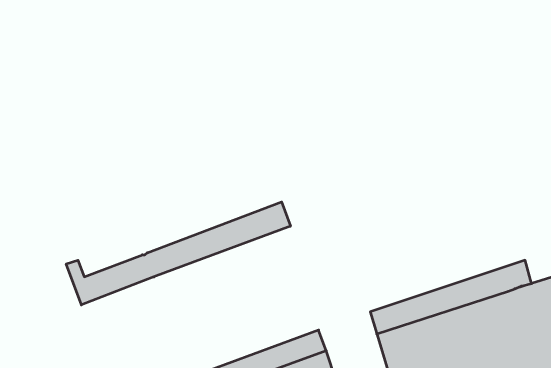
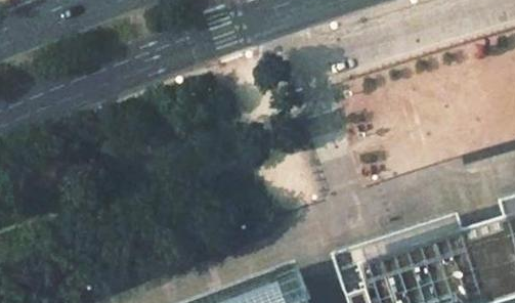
building: [66,202,290,305] -> none

